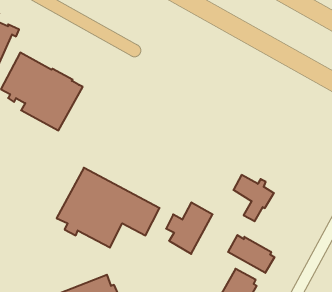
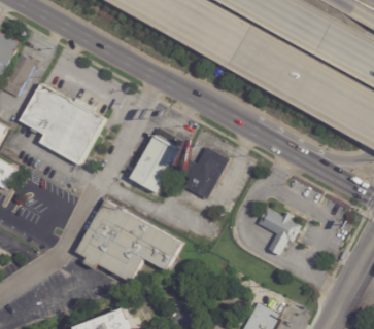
building: none -> [130,127,181,192]
building: [166,202,213,254] -> [179,147,227,199]
building: [228,235,274,273] -> none

